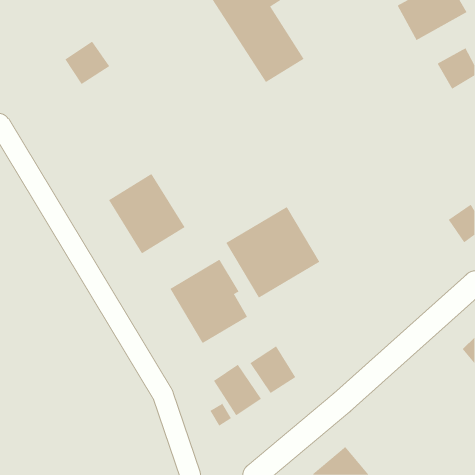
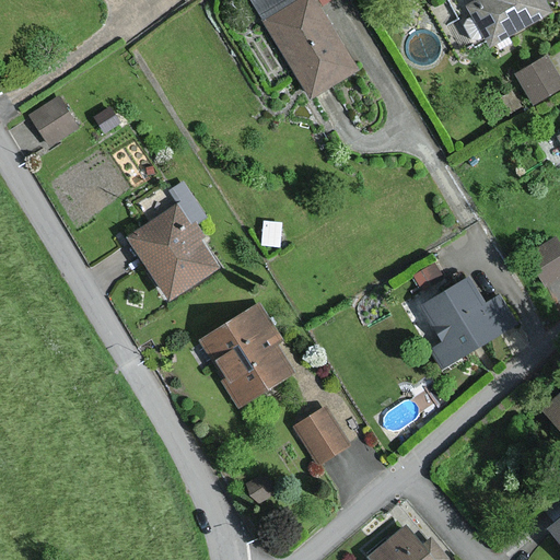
building: [64,41,110,85] -> [28,93,82,144]
building: [225,206,320,299] -> none
building: none -> [421,279,517,364]
building: [213,364,262,416] -> none

